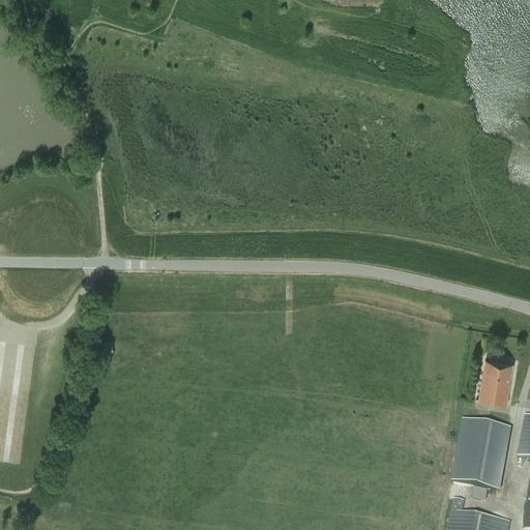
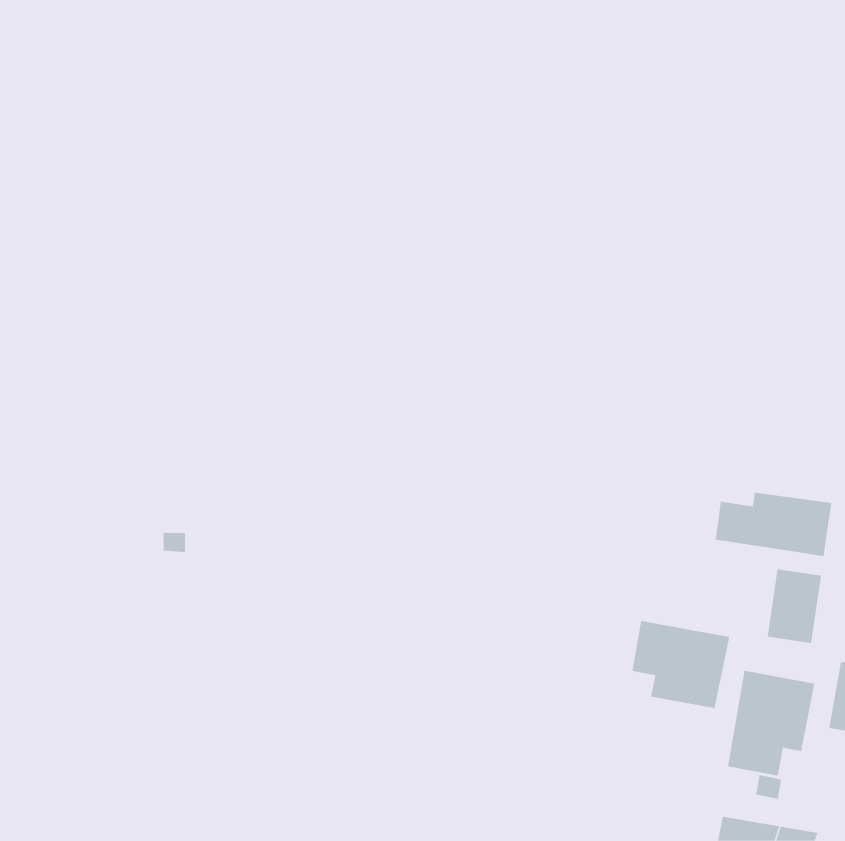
building: none -> [715,492,832,557]
building: none -> [632,620,730,709]

